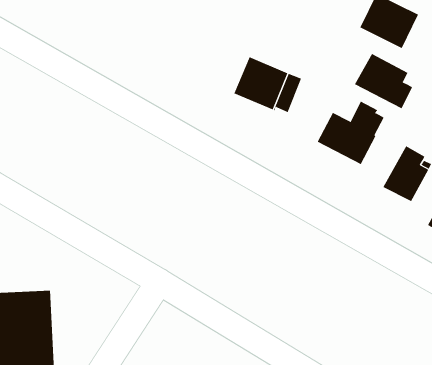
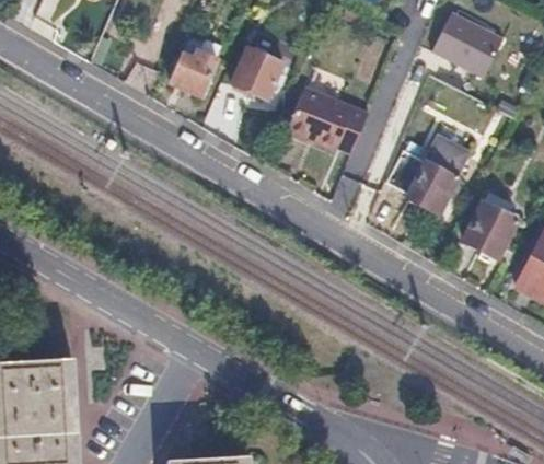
building: none -> [170,38,216,95]
building: none -> [230,46,281,97]
building: [354,53,413,109] -> none

